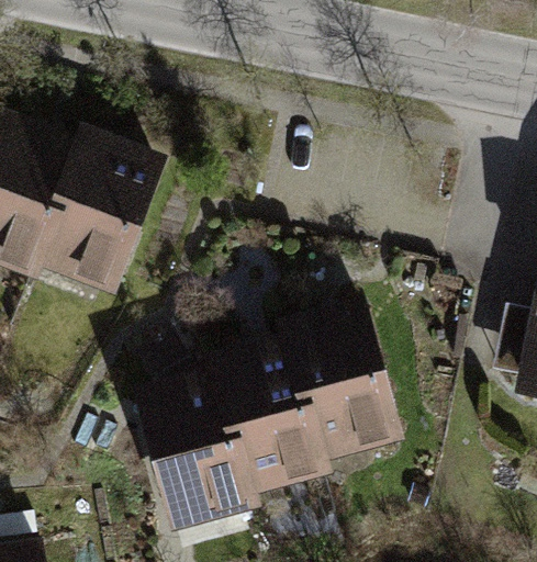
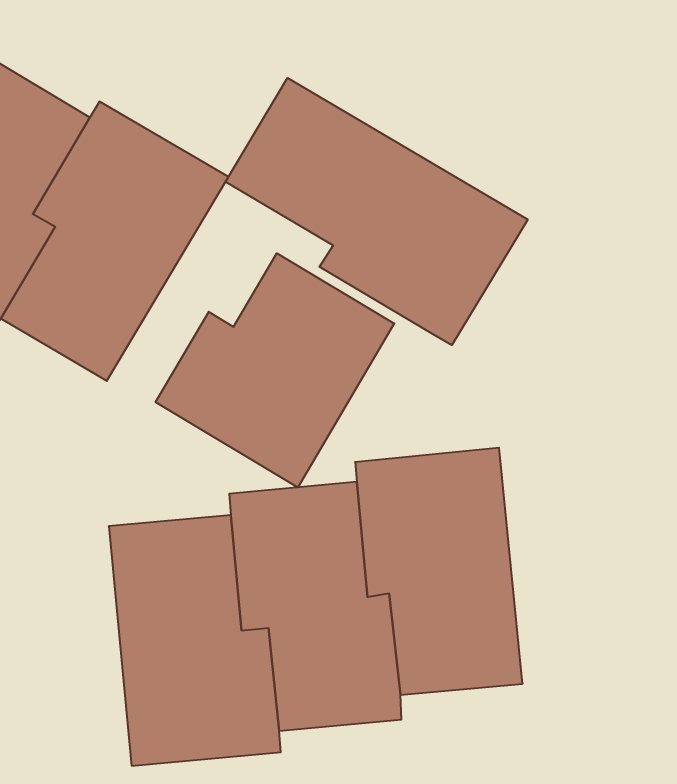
building: none -> [225,78,528,345]
building: none -> [156,253,394,487]

